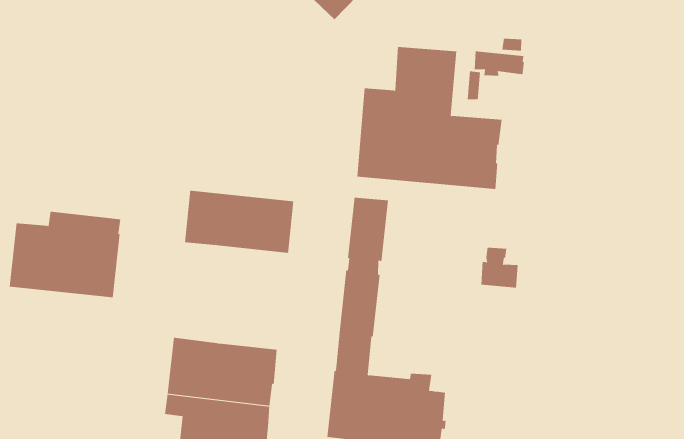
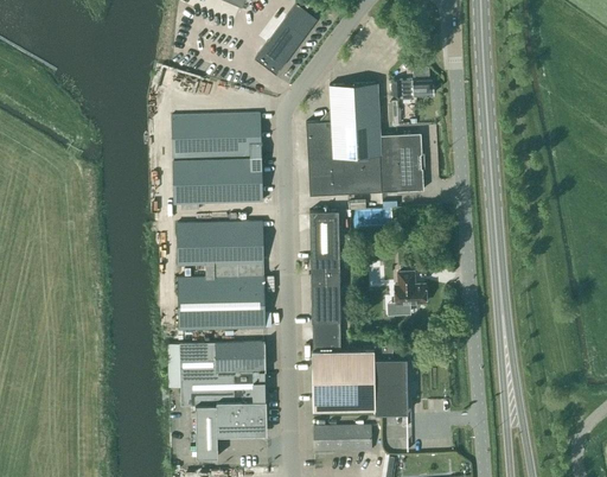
building: none -> [172,113,262,204]
building: [9,211,121,298] -> [178,263,264,330]
building: [480,247,518,288] -> [395,272,426,304]

